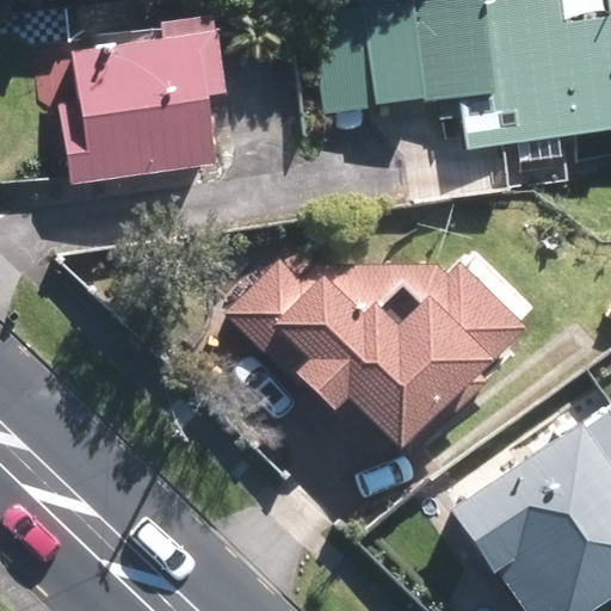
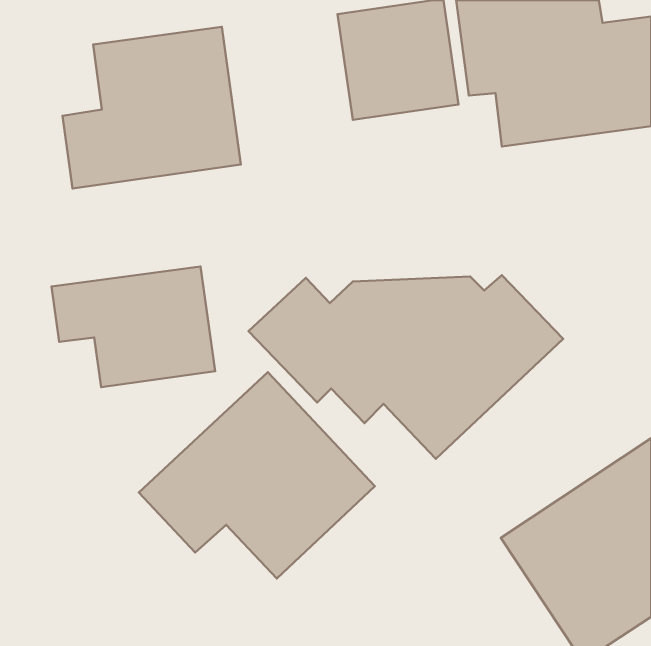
building: none -> [51,266,215,387]
building: none -> [139,372,375,578]

